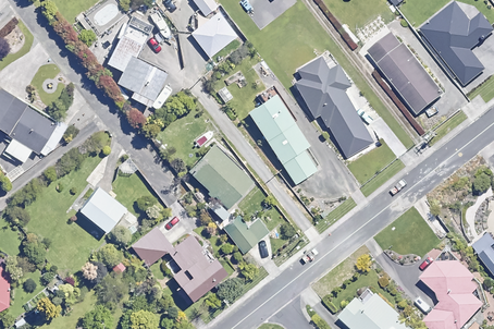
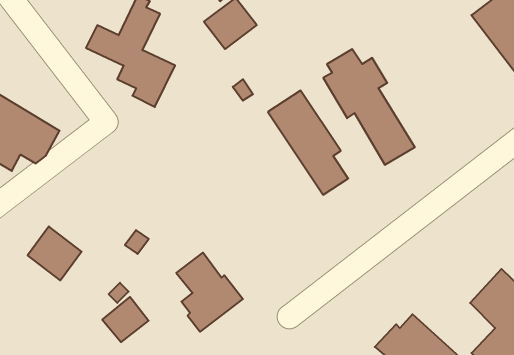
building: [369,32,444,112] -> none
building: [187,145,251,208] -> none
building: [77,184,124,231] -> [28,226,82,280]
building: [223,215,268,252] -> none
building: [131,226,171,265] -> [102,297,149,342]

